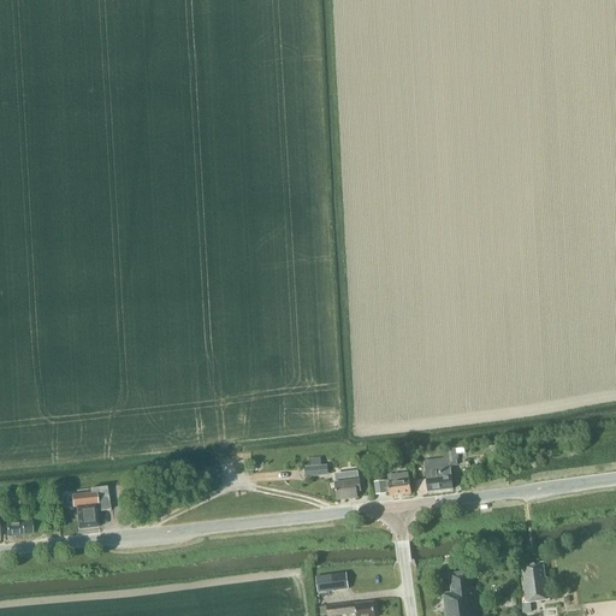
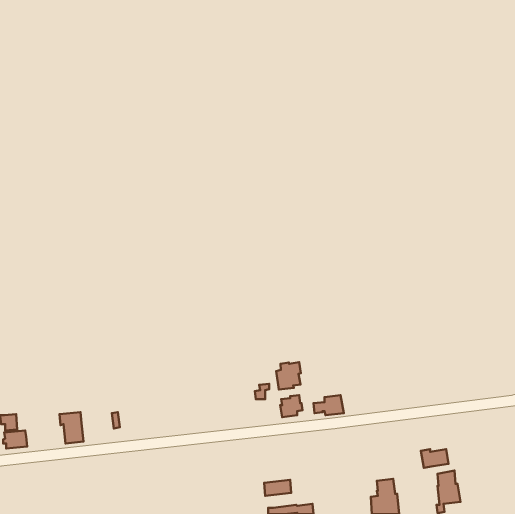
building: none -> [276,362,301,390]
building: [425,448,457,491] -> none
building: none -> [421,449,449,468]

